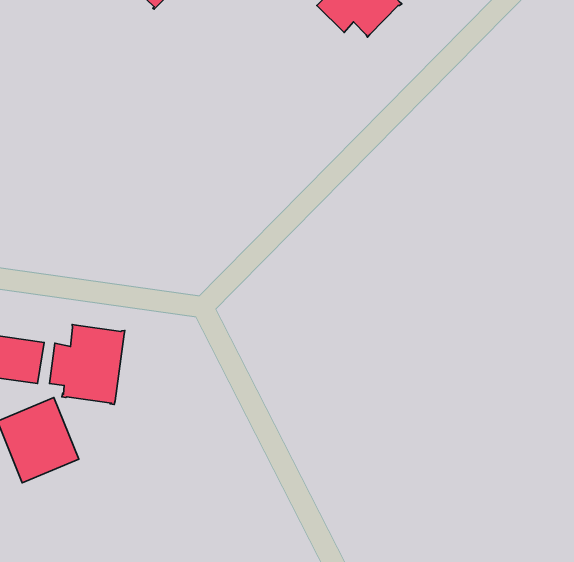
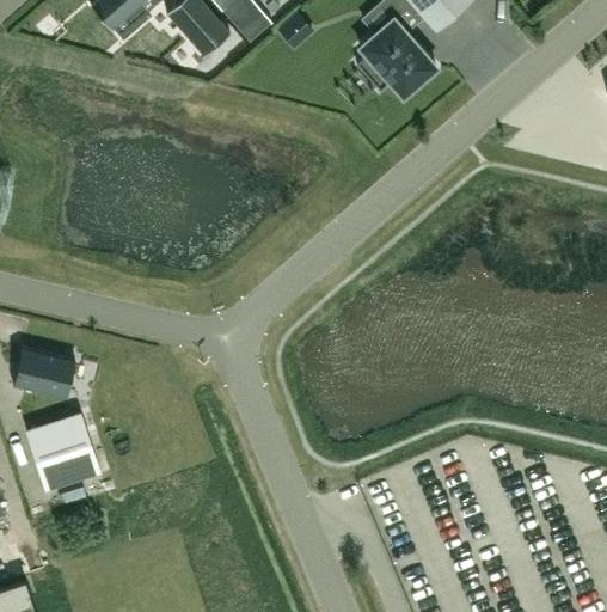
building: [49,325,125,405] -> none

